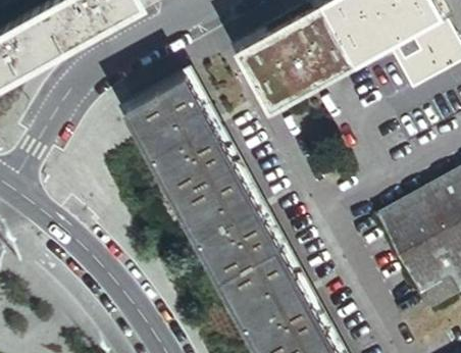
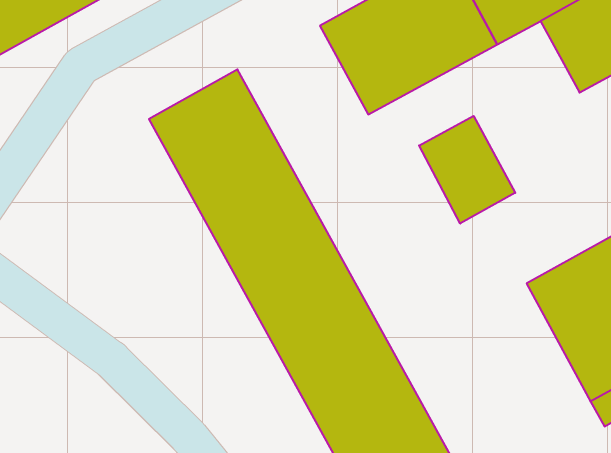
building: none -> [419,116,515,224]

